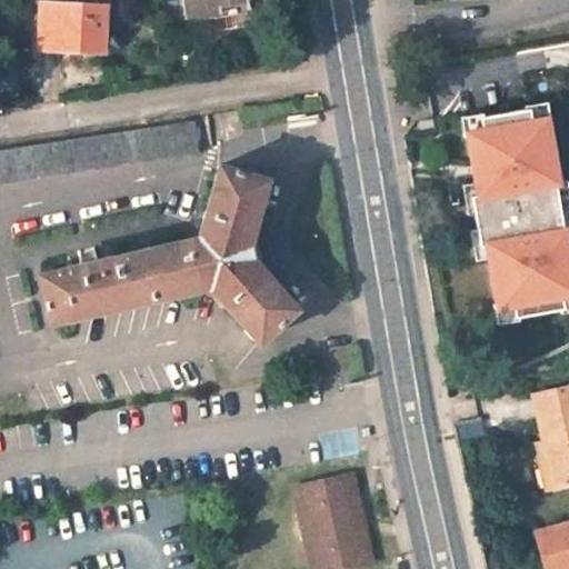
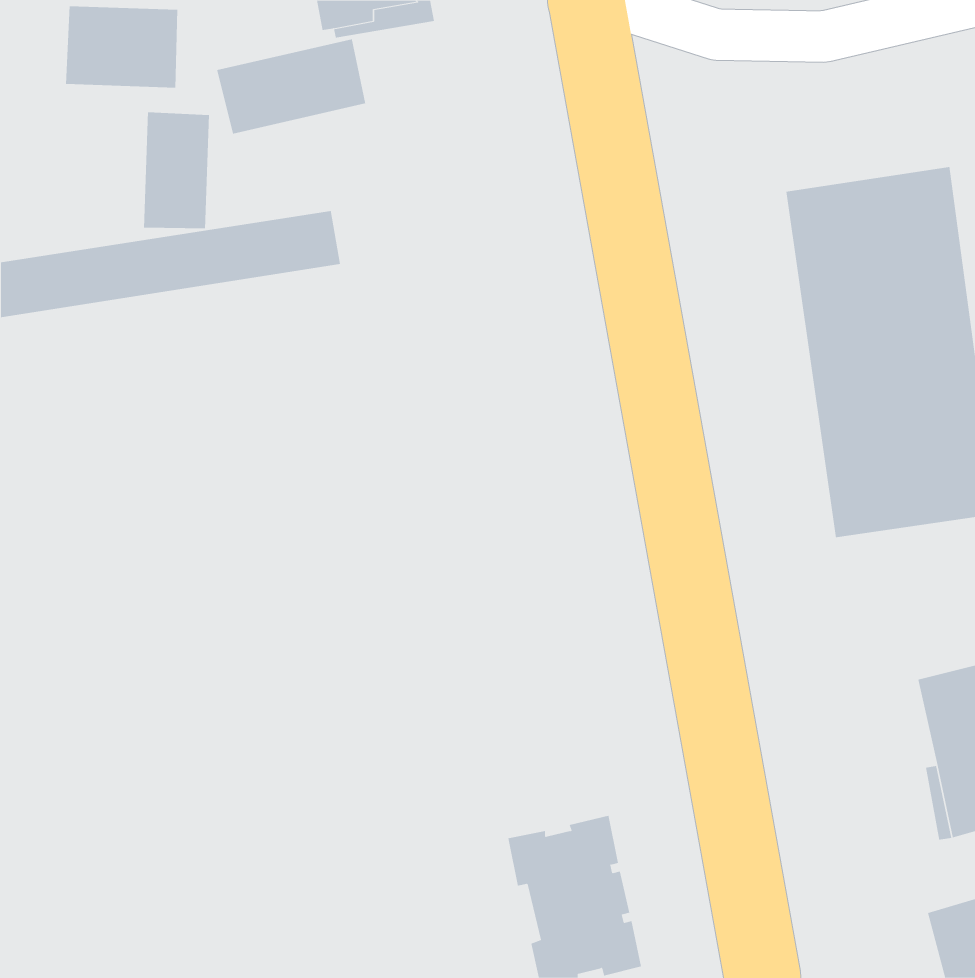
building: none -> [217,39,366,134]
building: none -> [143,111,209,229]
building: [40,166,298,342] -> none

